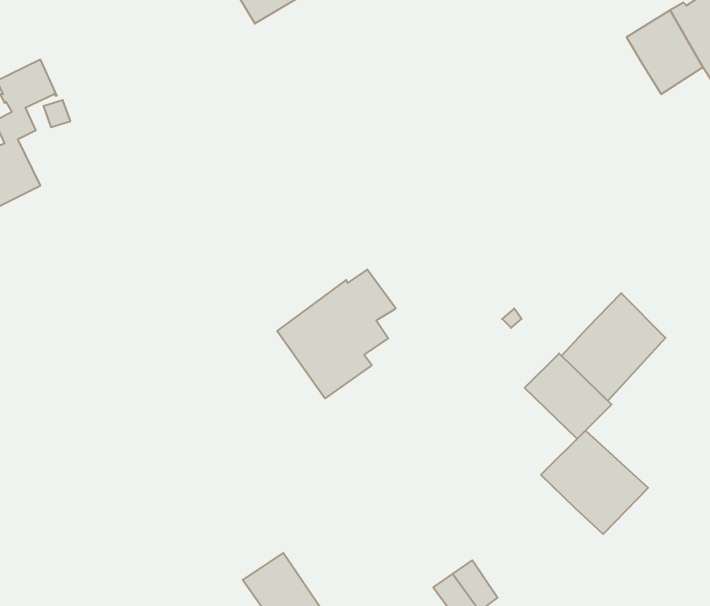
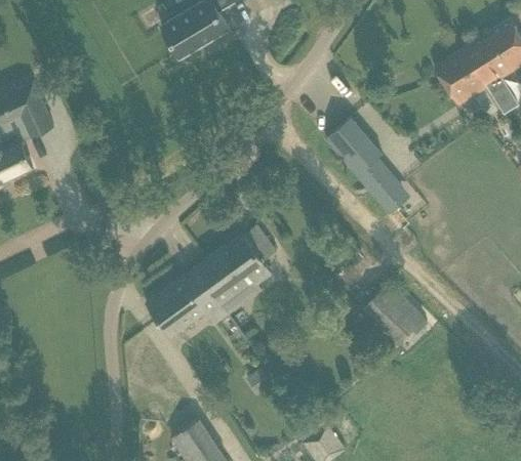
building: none -> [326,119,406,215]
building: [562,293,666,401] -> none
building: none -> [147,268,229,338]
building: [541,430,648,534] -> none

